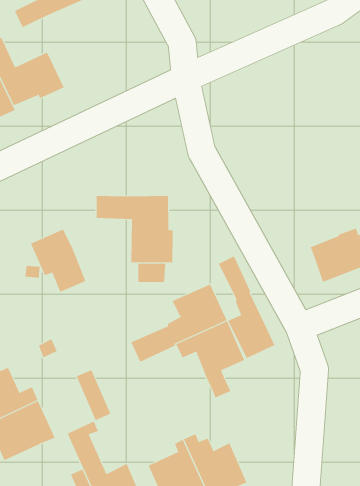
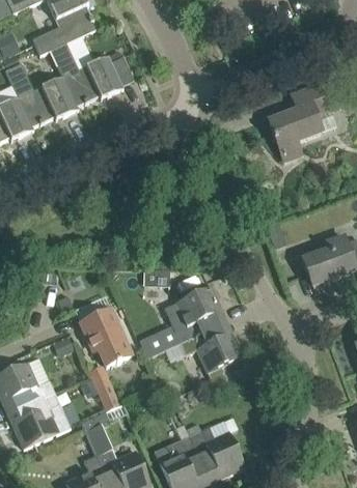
building: none -> [50,42,122,109]
building: none -> [268,83,328,148]
building: [96,195,173,263] -> none
building: [30,229,86,293] -> [80,309,131,367]
building: [218,256,275,359] -> none

